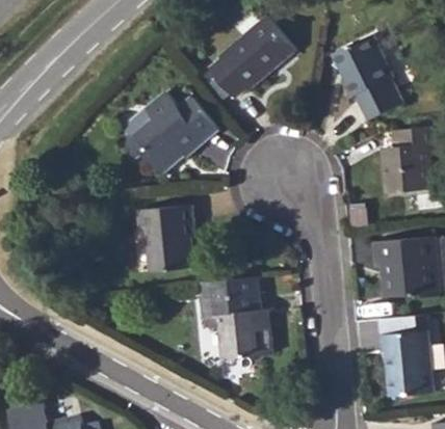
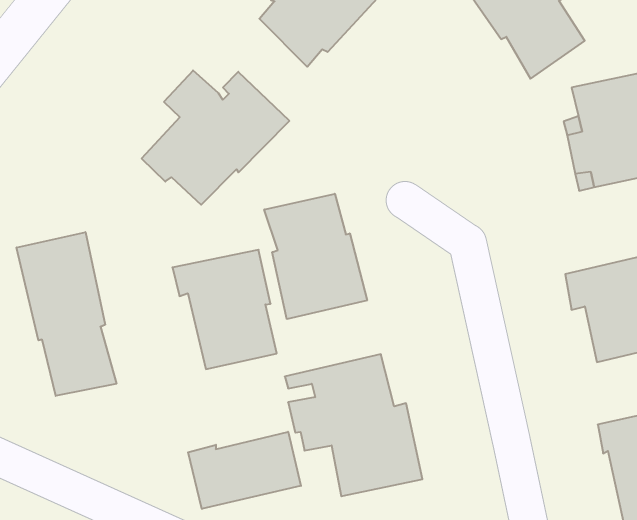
building: none -> [264,194,367,319]
building: none -> [17,232,116,396]
building: none -> [188,432,301,509]

